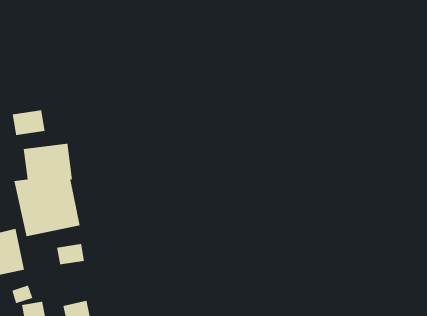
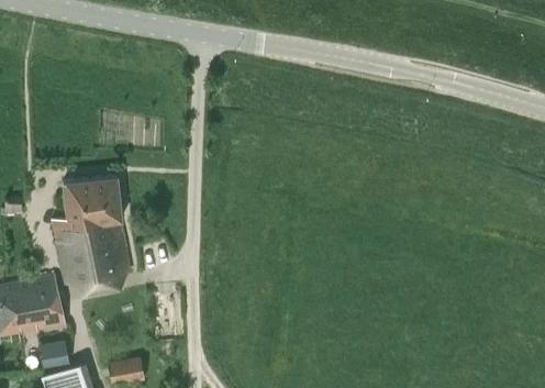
building: [12,109,45,136] -> none
building: [57,243,85,265] -> none

